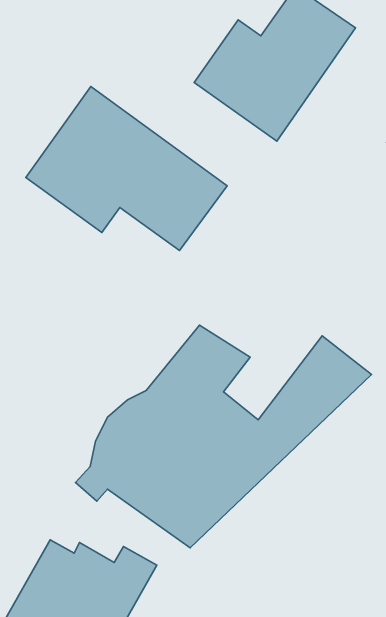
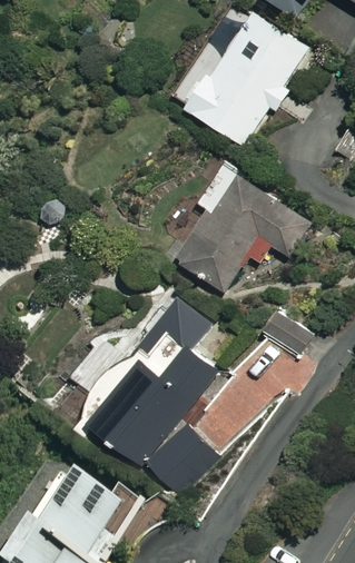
building: [26,86,227,251] -> none
building: none -> [177,164,308,295]

